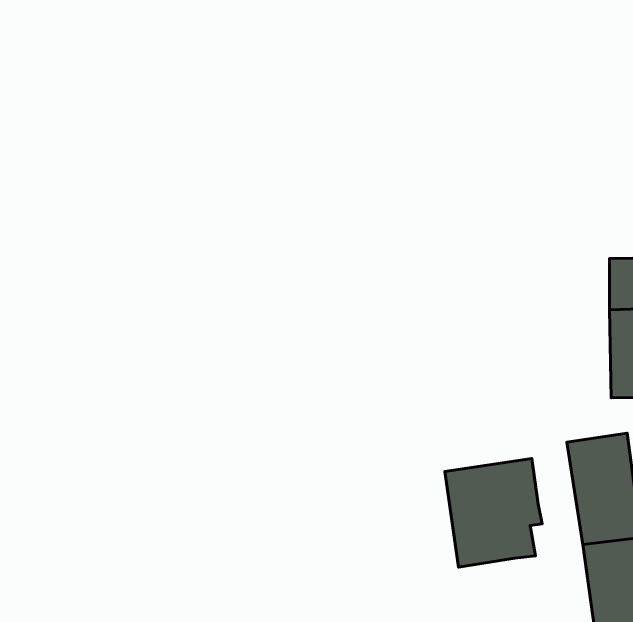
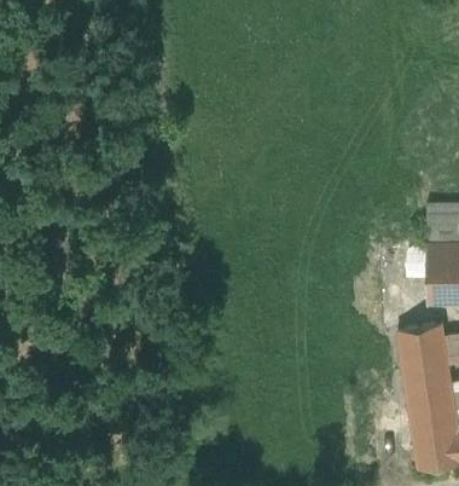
building: [445,459,542,567] -> none

